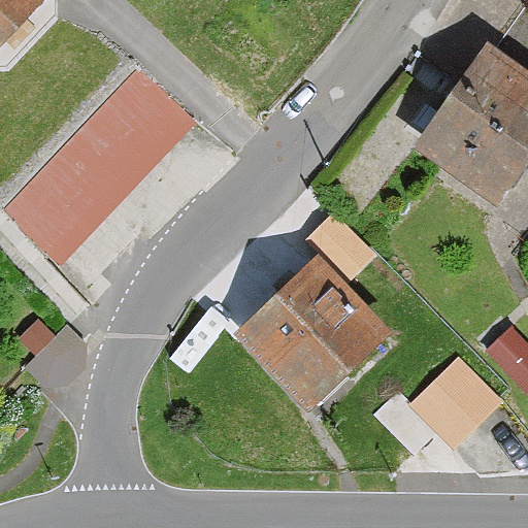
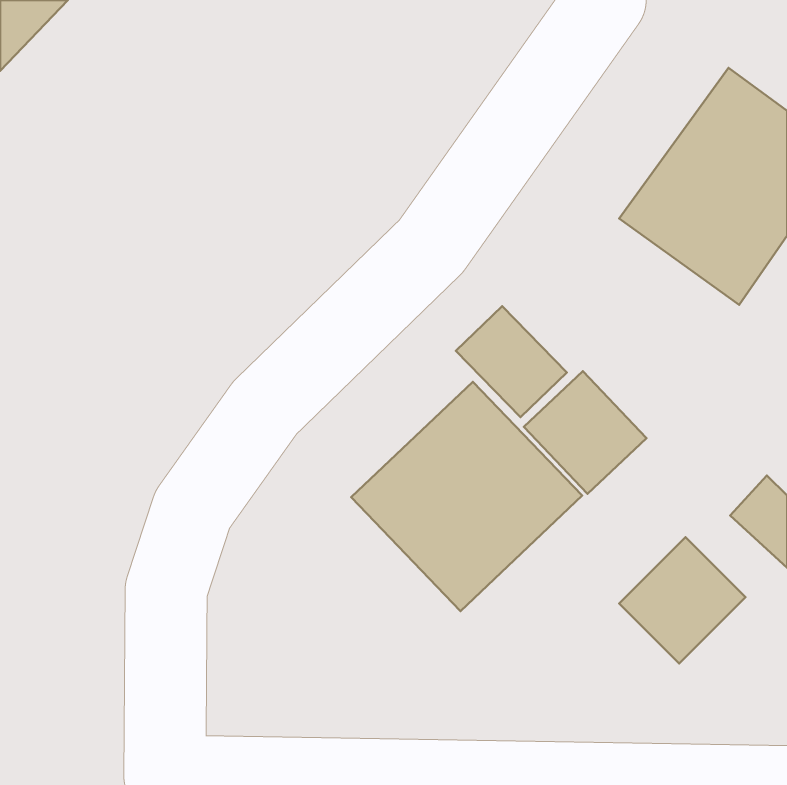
building: [4,71,192,260] -> none
building: none -> [524,371,646,494]

